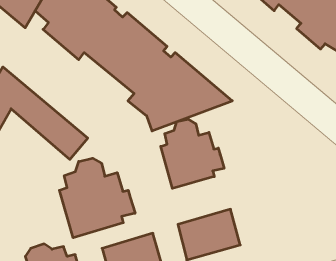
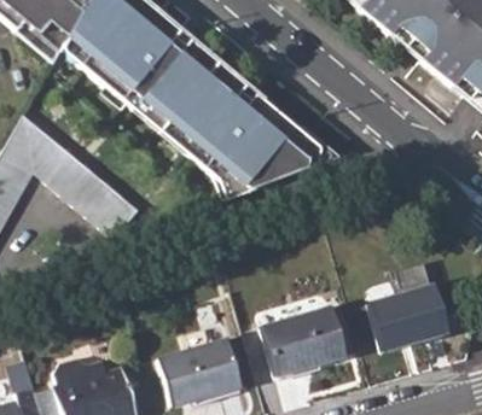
building: [161,119,224,188] -> none
building: [59,158,135,238] -> none
building: none -> [366,285,447,352]

